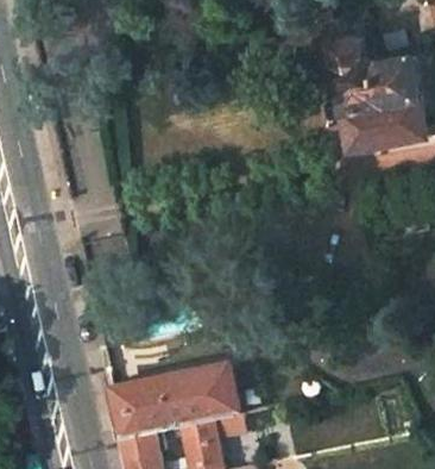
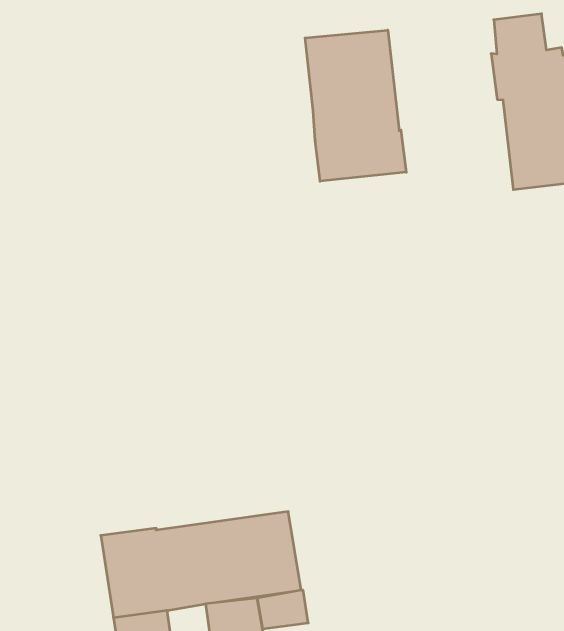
building: none -> [305,30,406,181]

